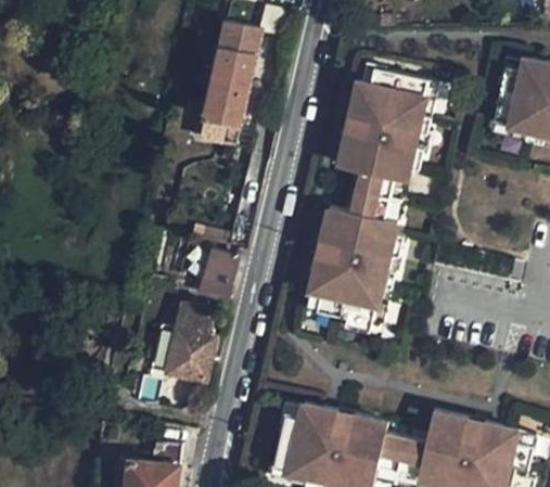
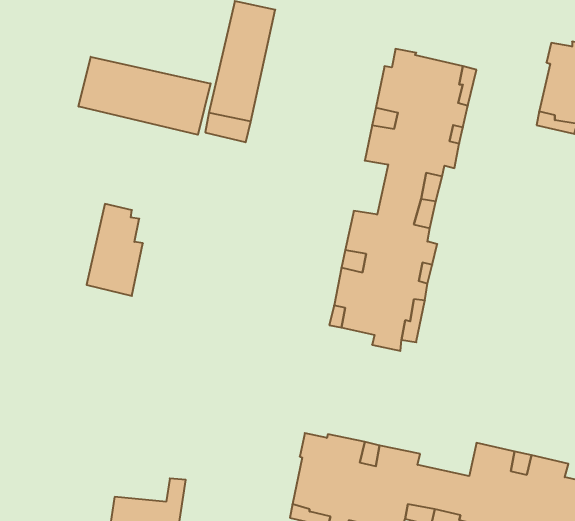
building: none -> [79,57,211,135]
building: [196,251,238,304] -> none
building: [164,303,214,384] -> [87,204,143,296]

